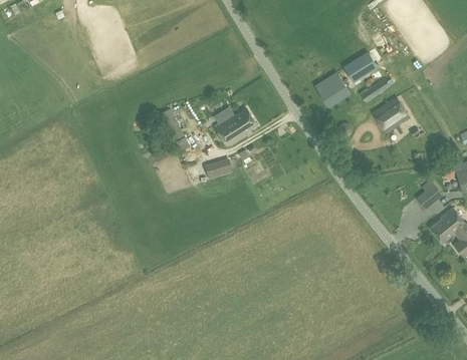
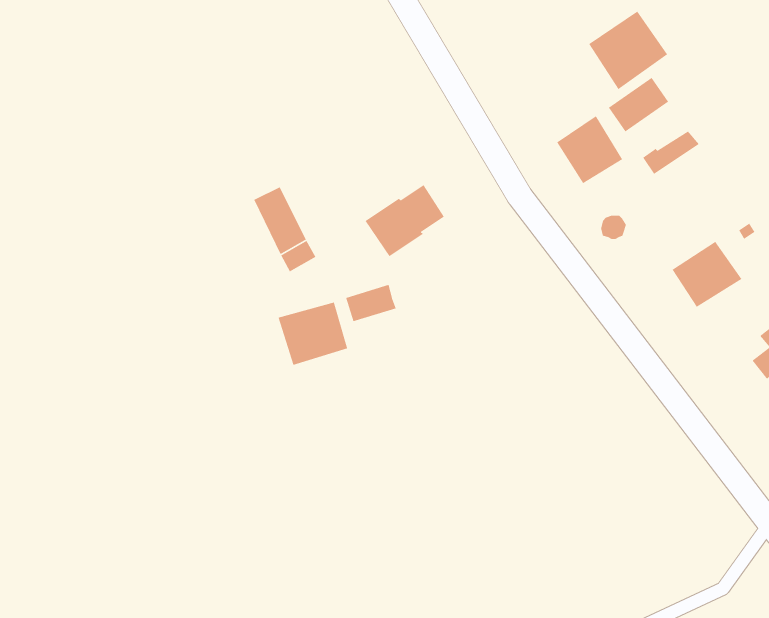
building: none -> [588,10,668,90]
building: [374,97,411,132] -> [672,241,742,308]
building: none -> [278,302,348,366]

